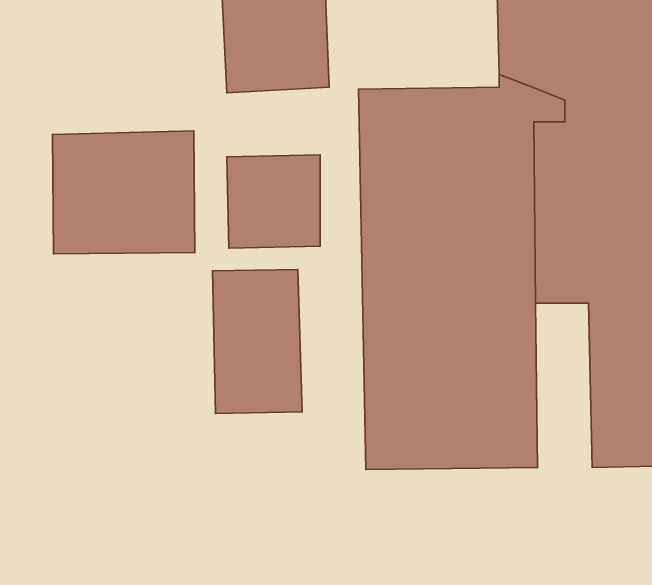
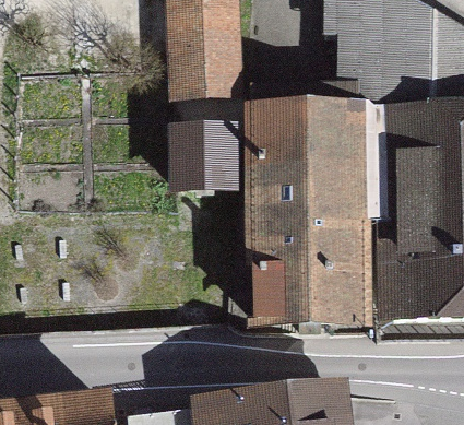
building: [53,131,195,254] -> none
building: [212,269,302,413] -> none

